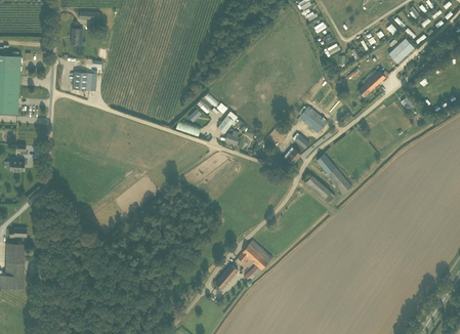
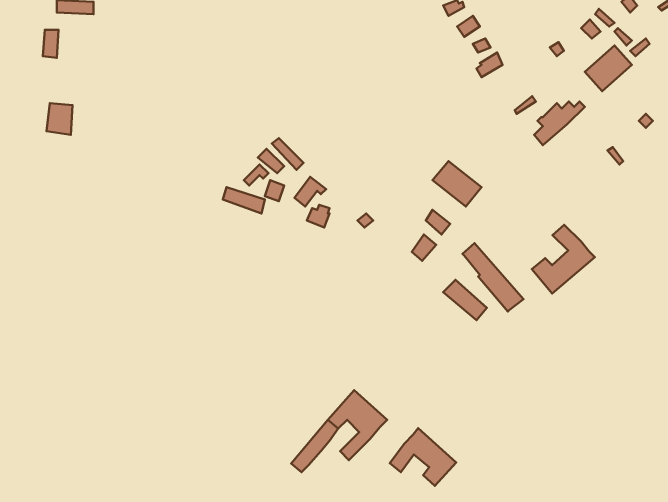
building: none -> [532,225,595,294]
building: none -> [390,428,456,486]

